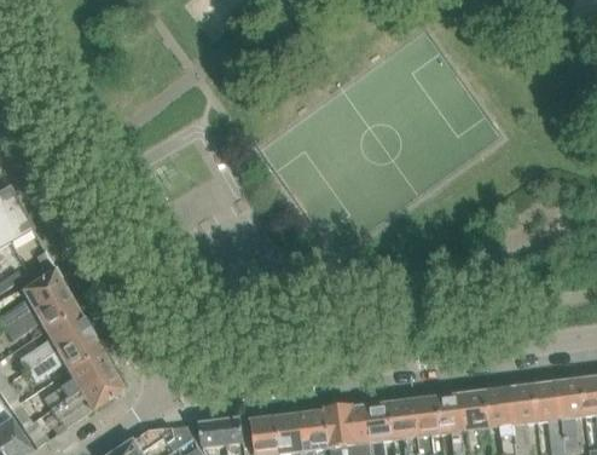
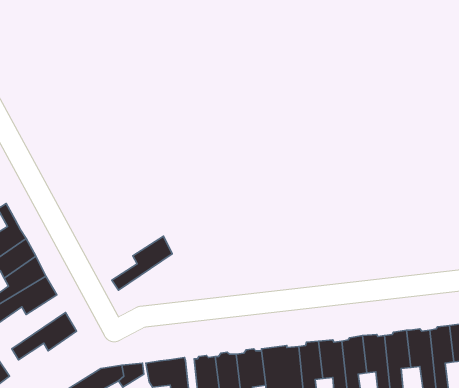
building: [45,349,111,408] -> [112,236,172,290]

